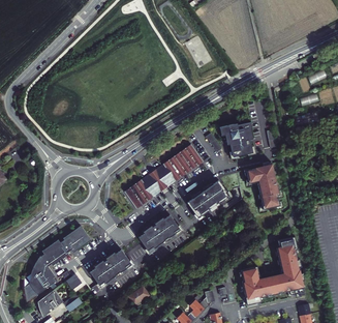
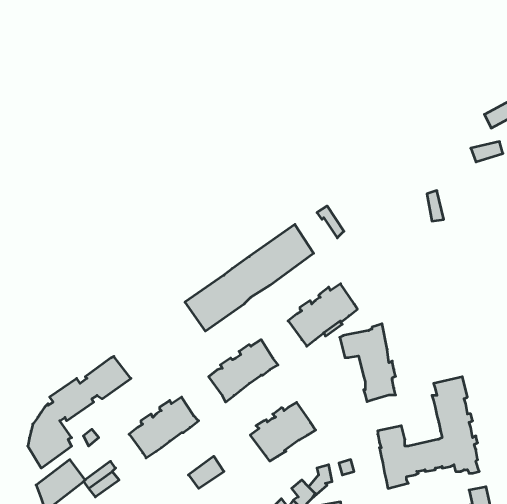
building: [221,122,256,159] -> none
building: [247,163,281,210] -> [340,324,396,402]
building: none -> [250,402,316,461]

